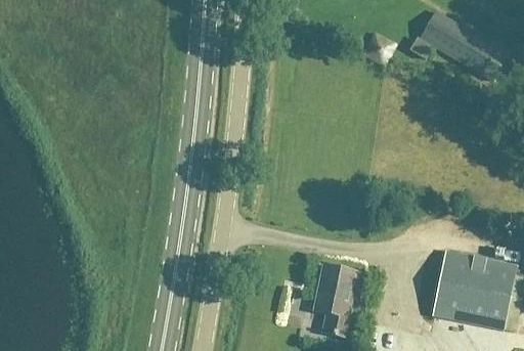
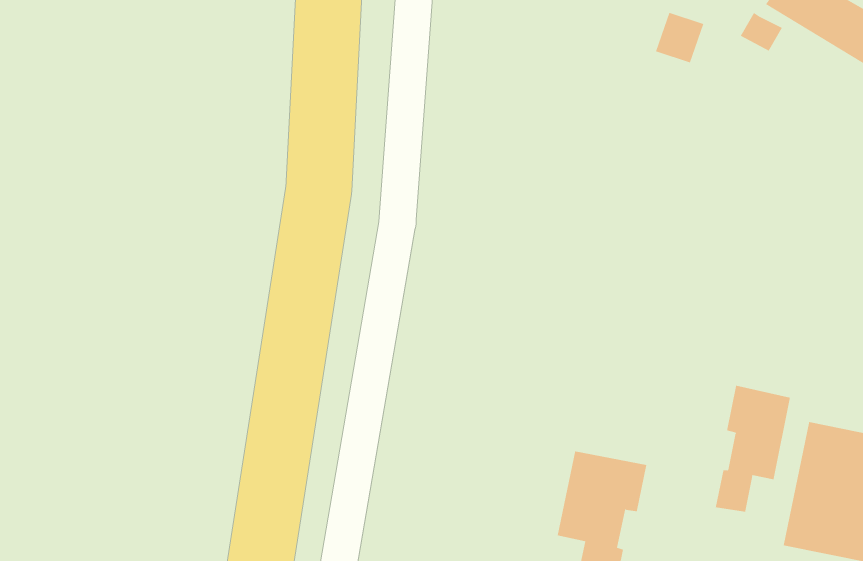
building: none -> [715,385,790,512]

